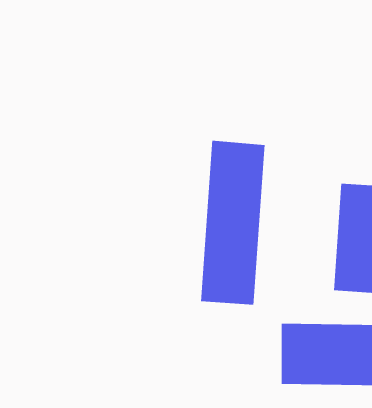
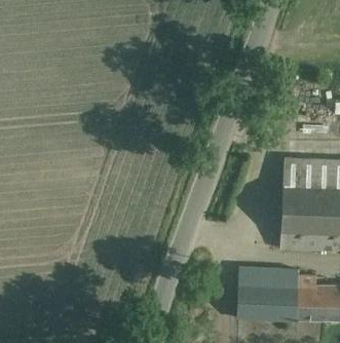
building: [200,140,265,305] -> none

